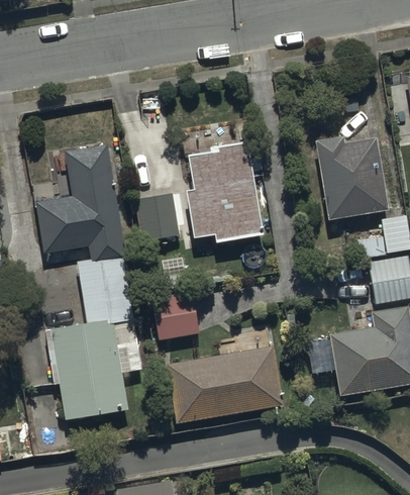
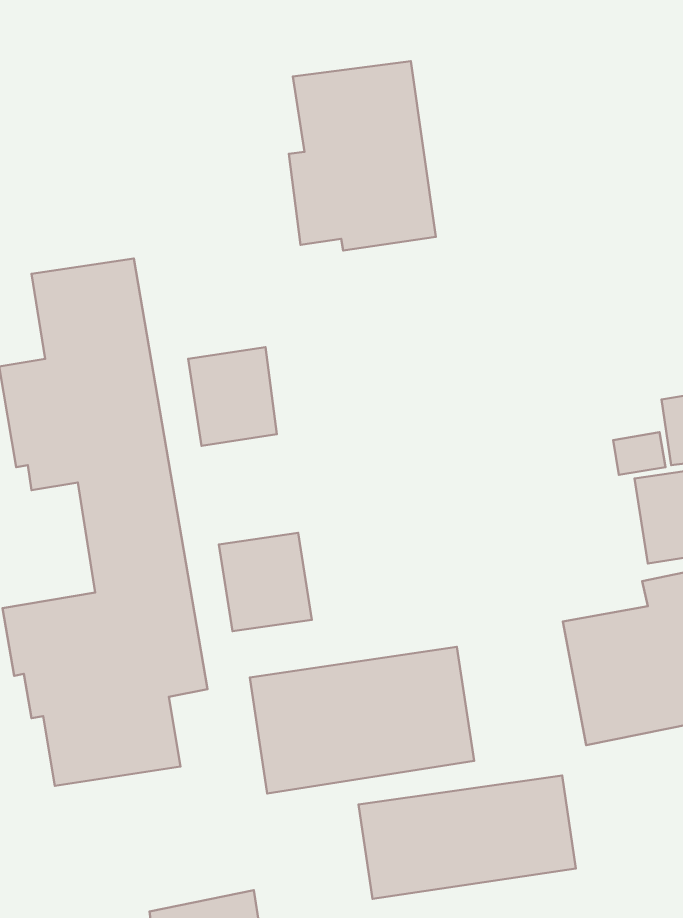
building: [315,134,389,222] -> none
building: [186,142,263,241] -> [289,61,436,250]
building: none -> [358,775,576,899]

